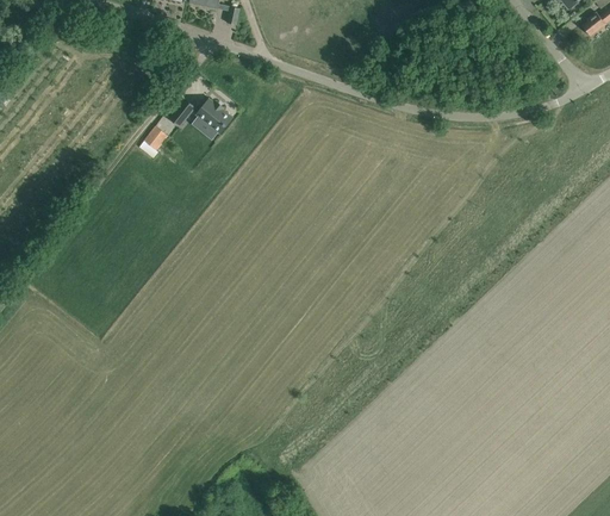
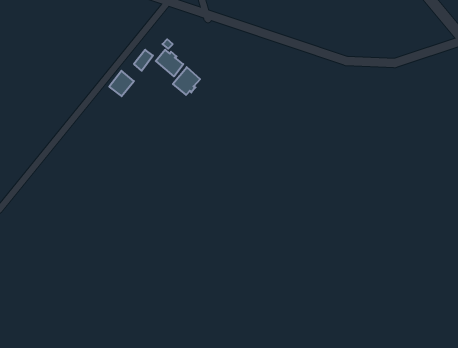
building: none -> [173,67,200,95]

